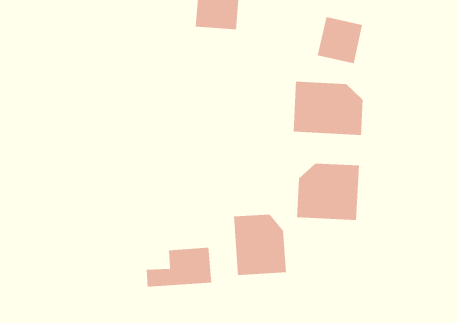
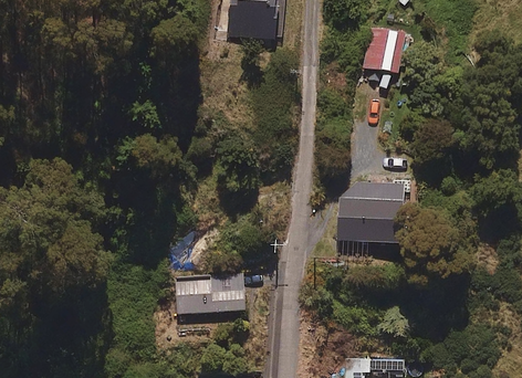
building: [293,81,363,136] -> none
building: [234,214,286,276] -> none

